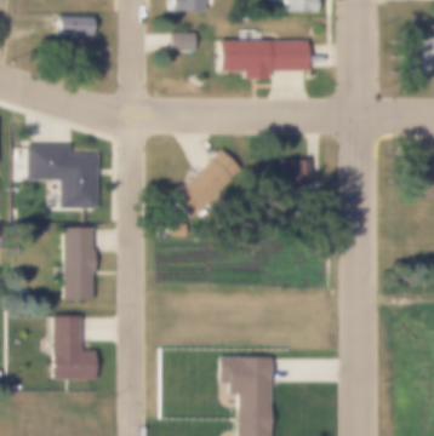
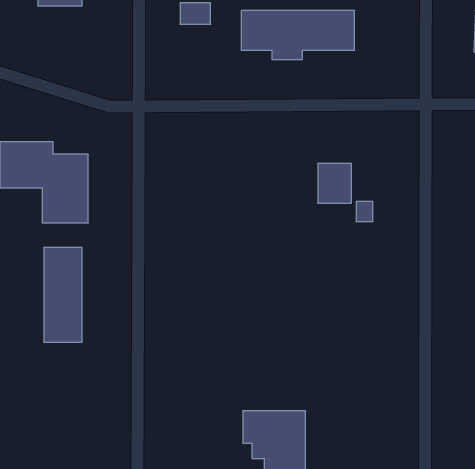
building: [173,149,245,220] -> none
building: [53,315,98,378] -> none

